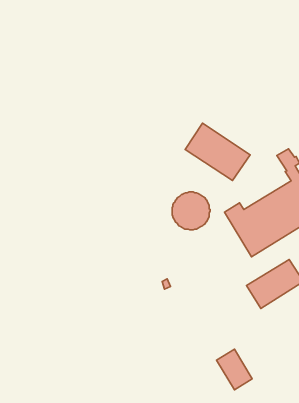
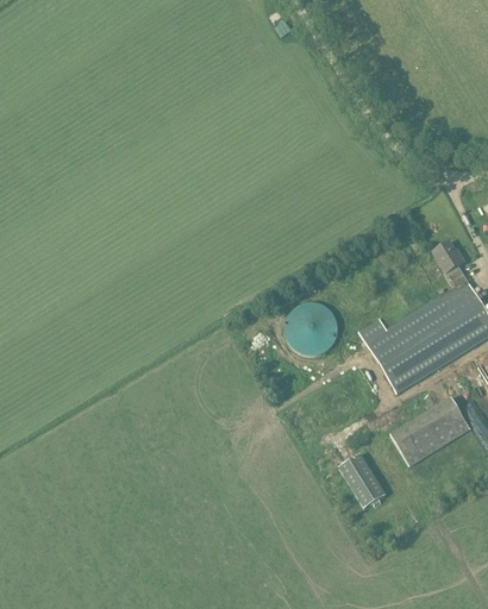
building: [185,123,250,180] -> none
building: [217,349,252,390] -> [337,453,387,510]

